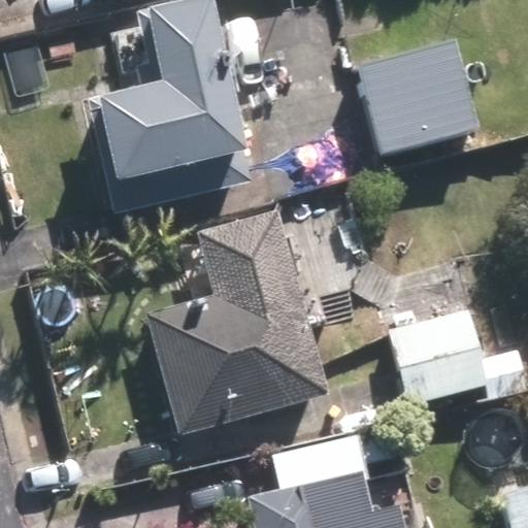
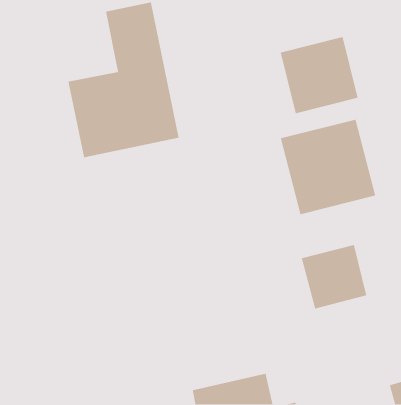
building: none -> [280,119,376,215]
building: [155,219,321,421] -> none

